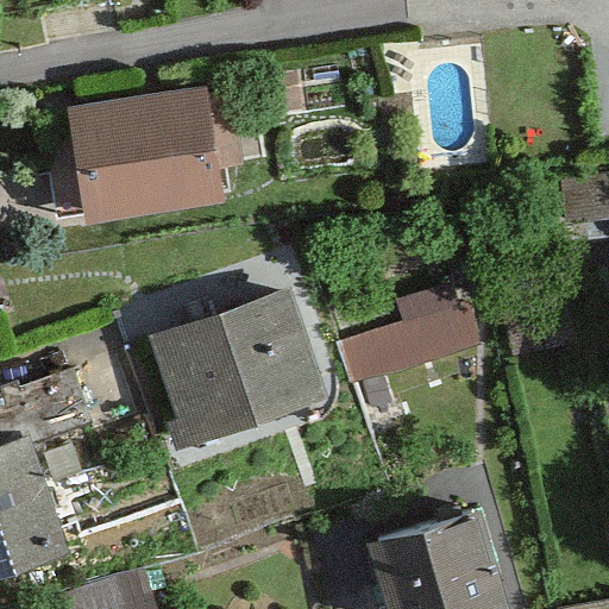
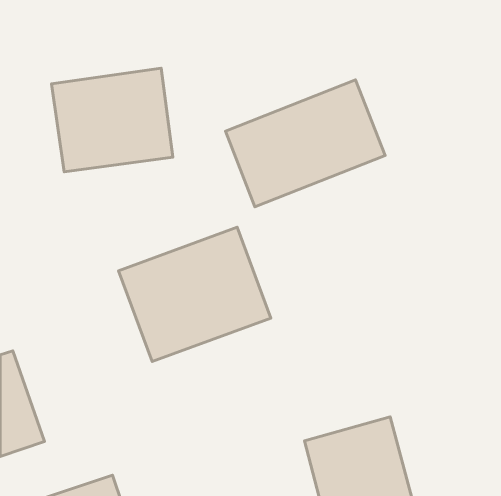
building: none -> [226,80,385,207]
building: [352,278,498,388] -> none

